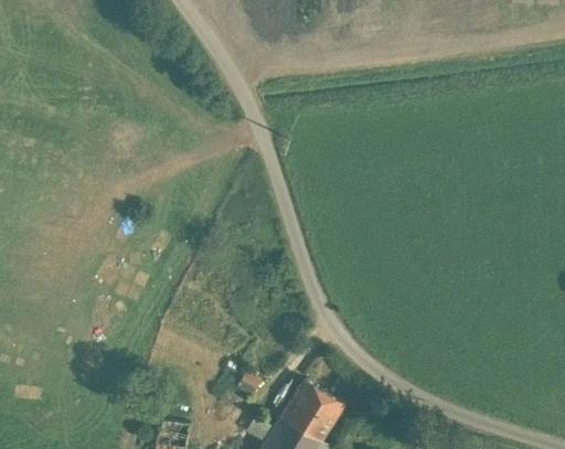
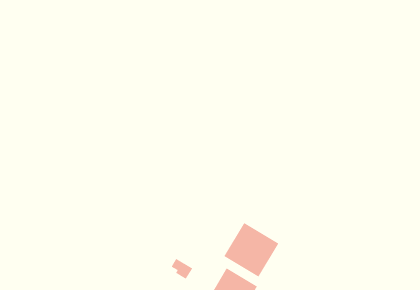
building: none -> [224,222,279,278]

